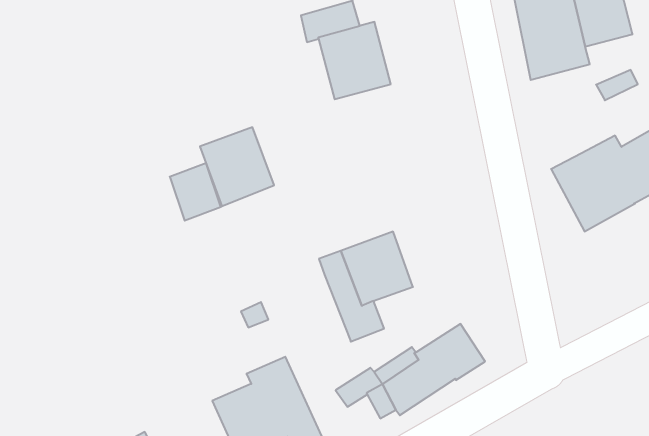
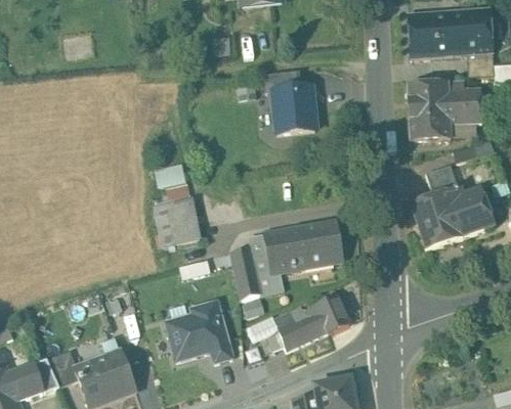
building: none -> [428,165,460,196]
building: [200,127,274,206] -> [155,199,200,248]
building: none -> [302,223,342,267]
building: none -> [230,249,262,301]

